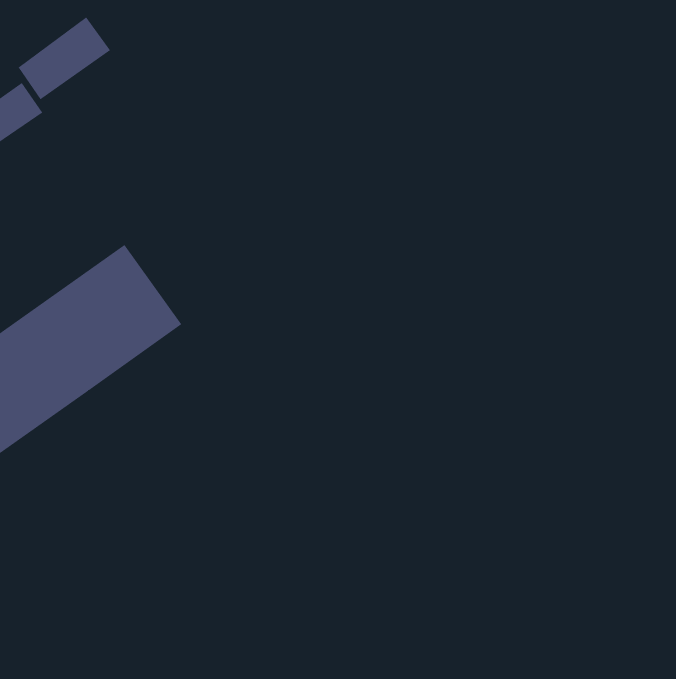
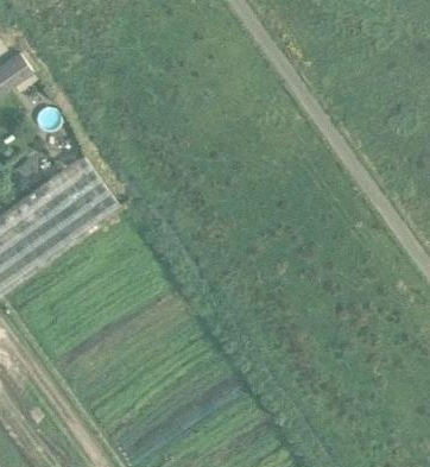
building: [18,17,111,100] -> none

